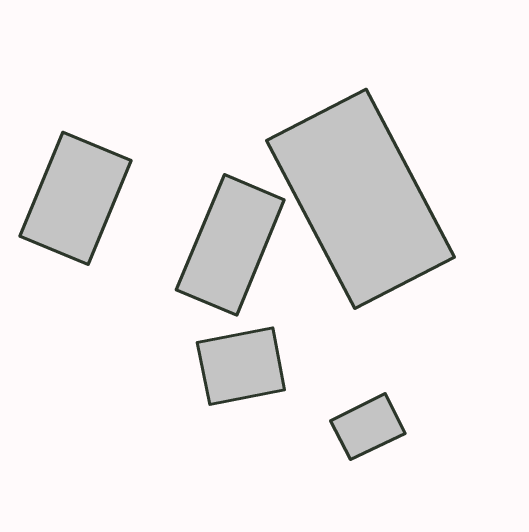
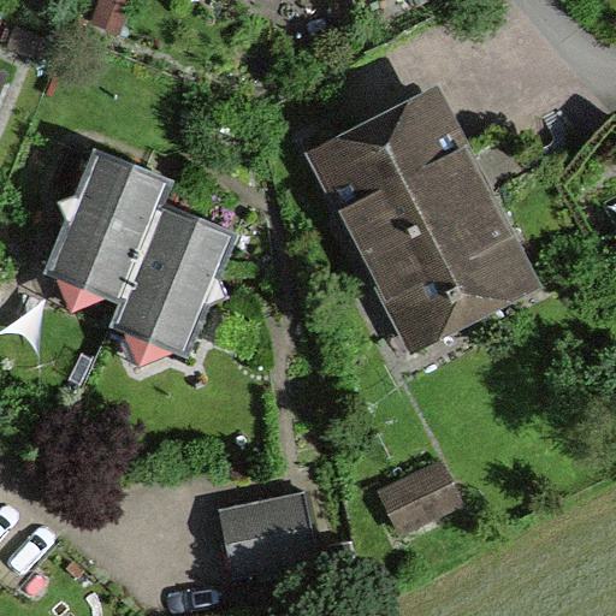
building: [176,175,284,315] -> [107,203,231,365]
building: [197,328,284,405] -> [229,480,328,568]

